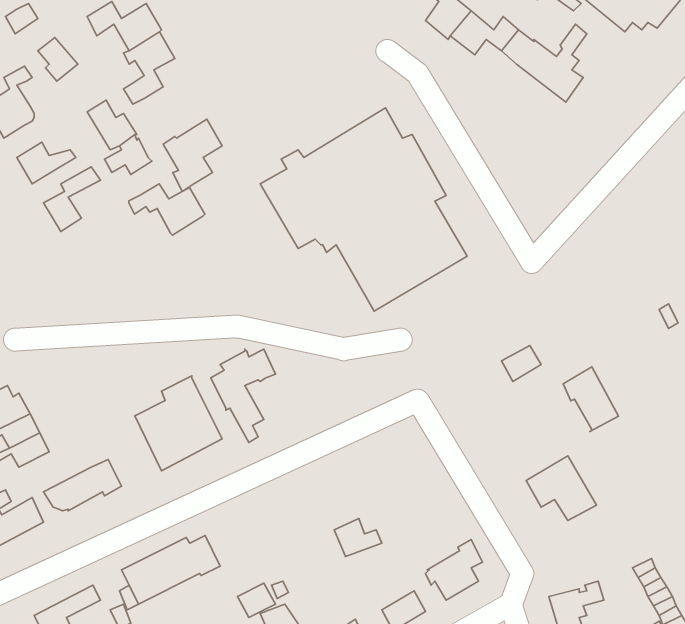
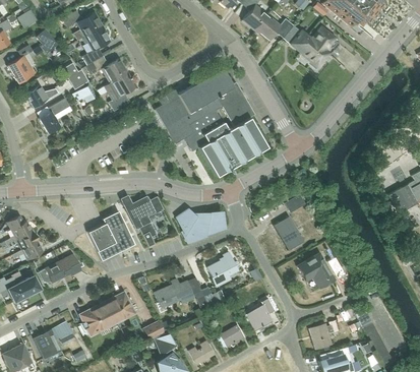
building: [129,184,205,235] -> [87,56,128,83]
building: [563,367,618,431] -> [275,215,304,250]
building: none -> [178,209,223,242]
building: none -> [207,252,238,288]
building: none -> [155,277,194,308]

